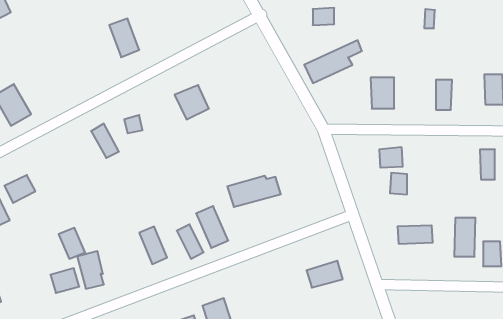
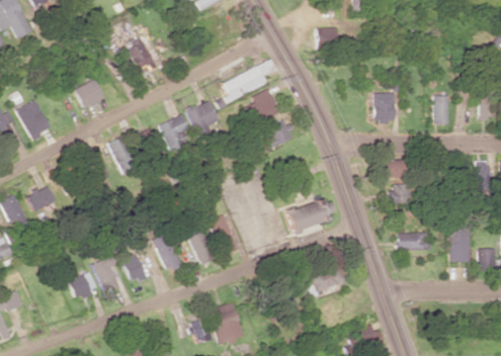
building: [304,40,362,83] -> [222,60,276,100]
building: none -> [75,79,105,109]
building: none -> [243,90,278,123]
building: none -> [158,113,188,152]
building: none -> [260,118,293,148]
building: [227,176,281,207] -> [284,200,335,230]
building: [59,228,85,259] -> [120,254,146,283]

